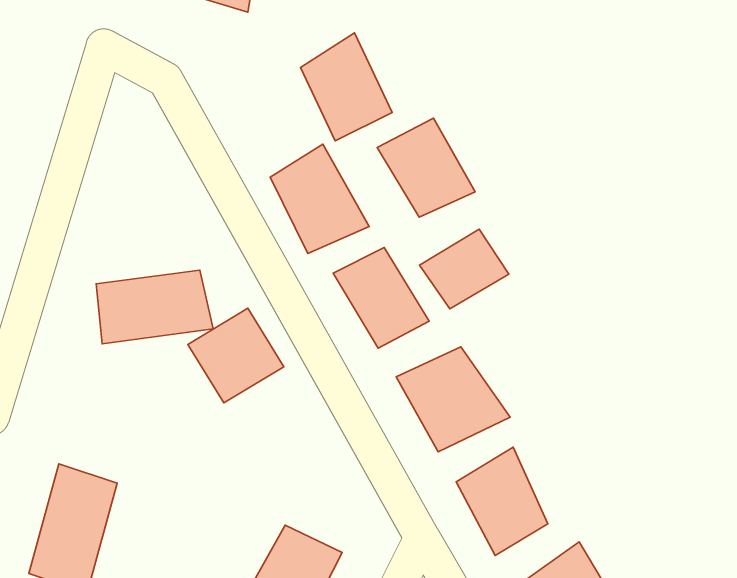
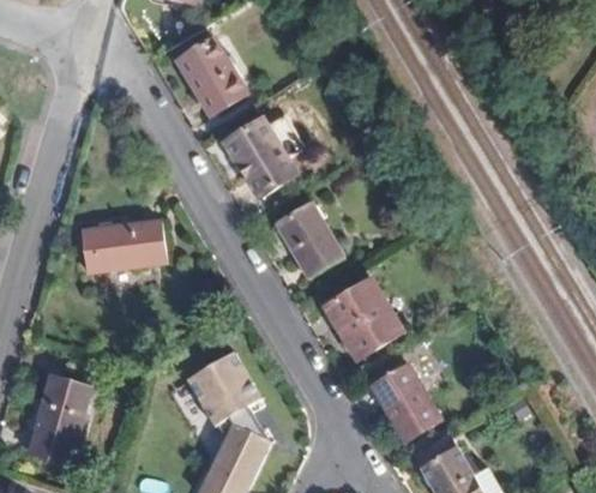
building: [301,33,392,141] -> [176,31,249,118]
building: [377,118,475,217] -> none
building: [420,229,509,309] -> none
building: [188,308,284,403] -> [183,350,260,426]

